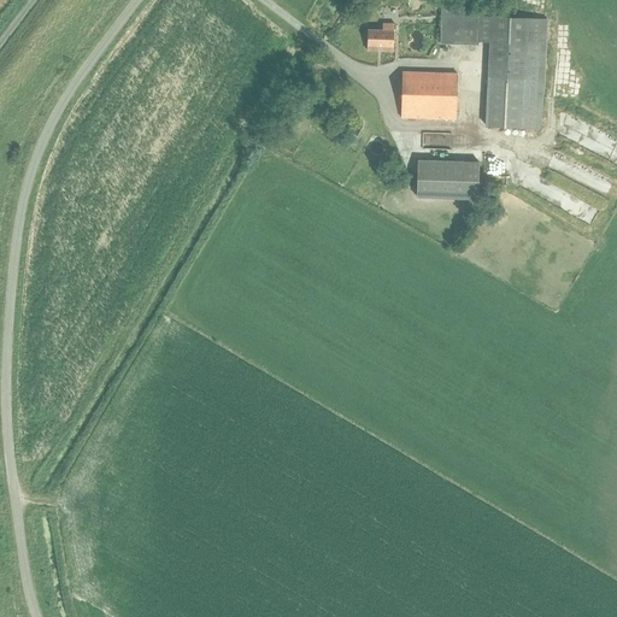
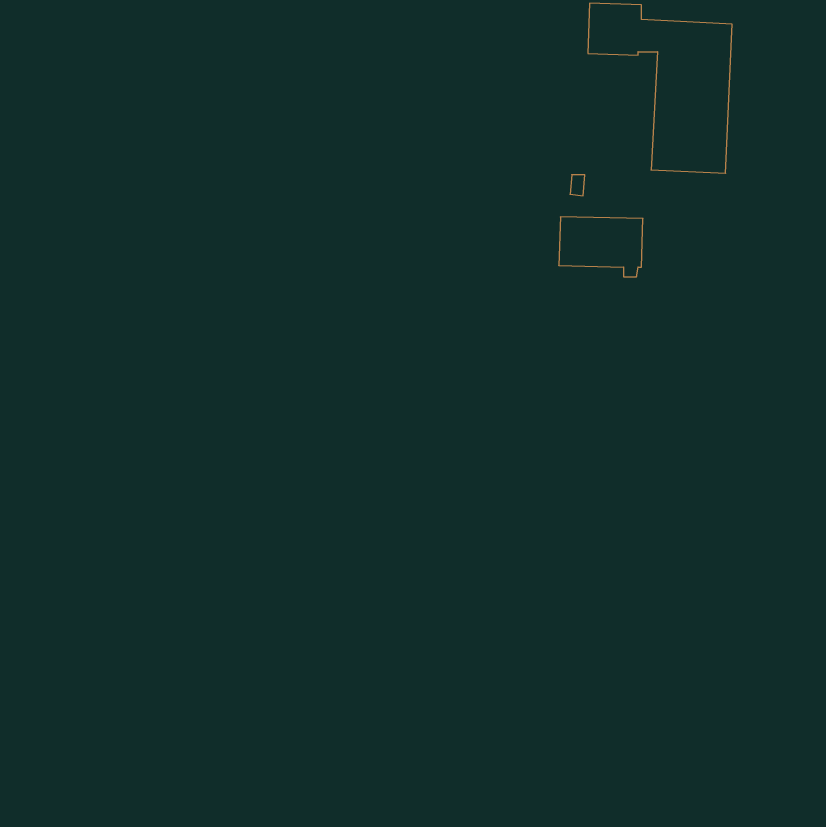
building: [368,22,394,47] -> none
building: [402,72,457,119] -> none

